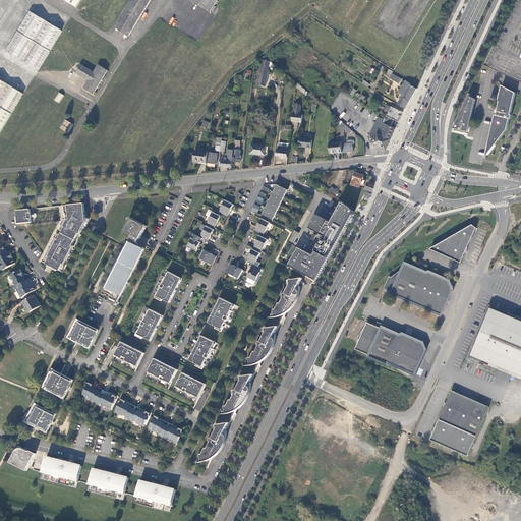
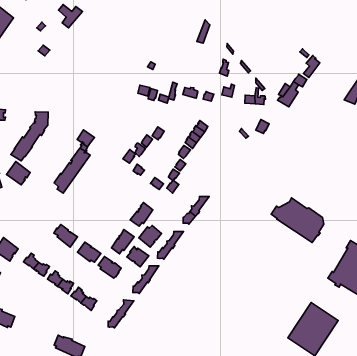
building: [287,201,352,280] -> none
building: [428,225,474,263] -> none
building: [156,271,181,302] -> none
building: [136,308,162,341] -> none
building: [67,319,97,347] -> [6,161,30,185]
building: [352,322,423,373] -> none
building: none -> [139,226,162,247]
building: none -> [127,247,149,267]
building: [88,468,127,491] -> none

